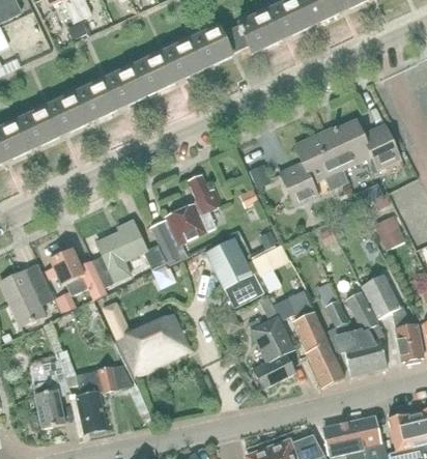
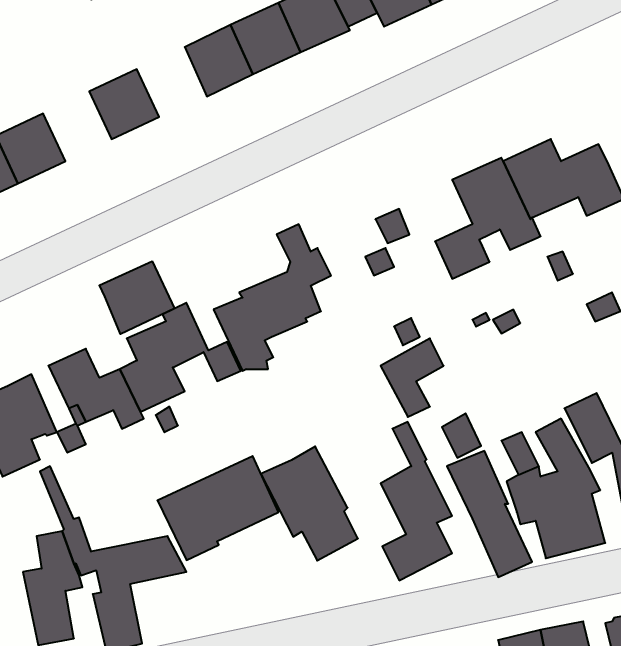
building: [103,65,145,108] -> none
building: [46,92,87,135] -> none
building: none -> [99,261,174,334]
building: [203,235,262,305] -> [261,446,358,561]

